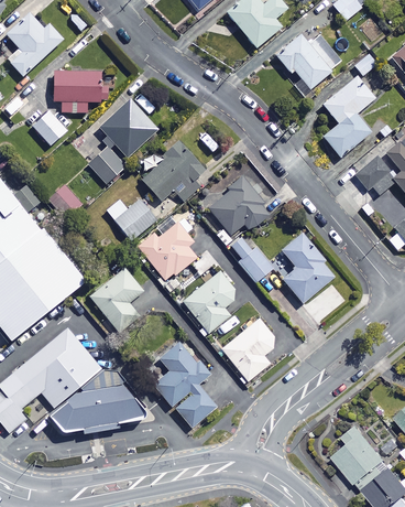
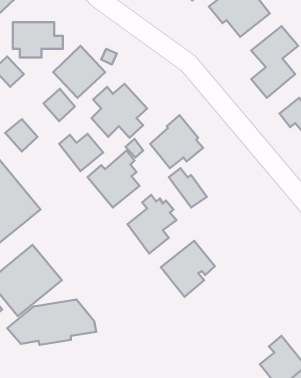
building: [281,233,336,302] -> none
building: [89,268,142,332] -> none
building: [153,343,216,428] -> none

